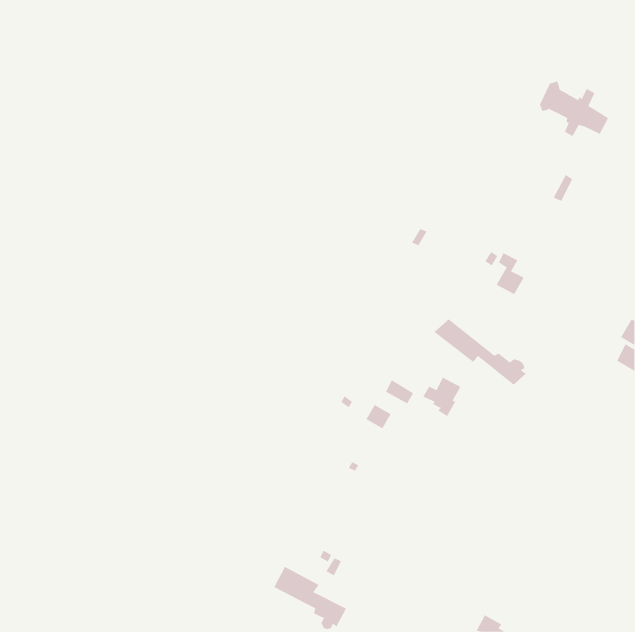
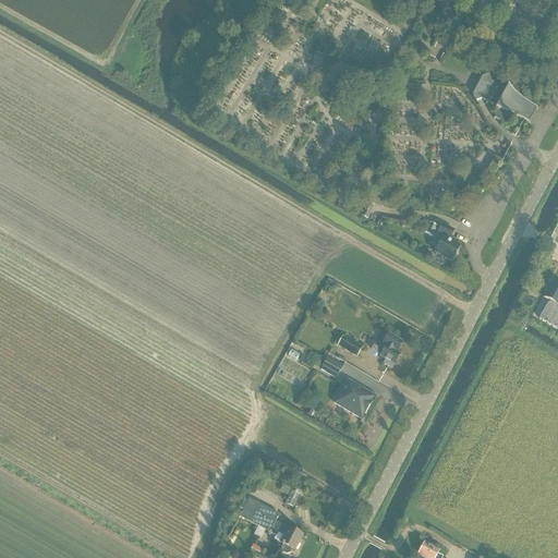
building: [434,319,527,385] -> none
building: none -> [333,377,376,416]

